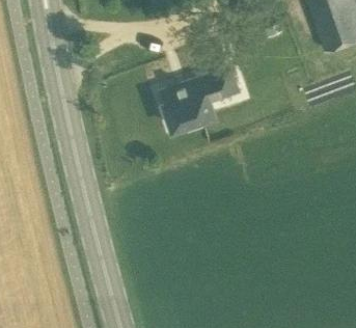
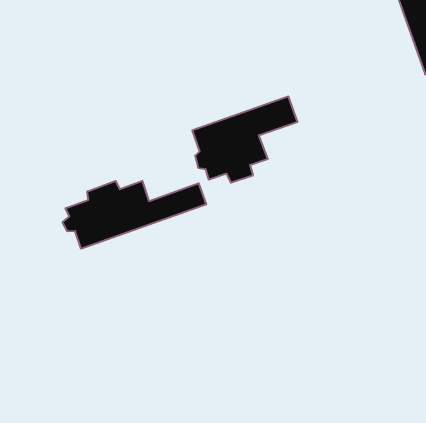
building: none -> [63,181,206,249]

